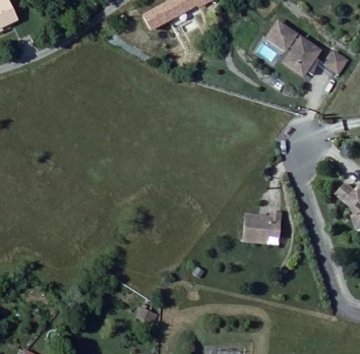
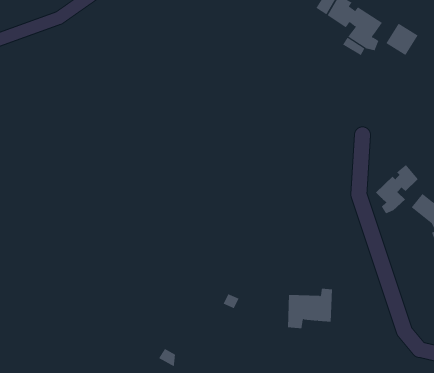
building: none -> [375,164,419,214]
building: [246,210,283,242] -> [287,288,333,329]

